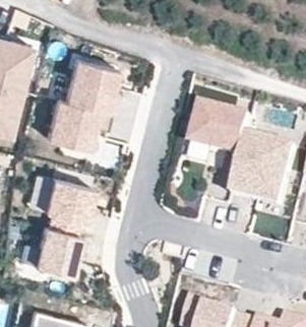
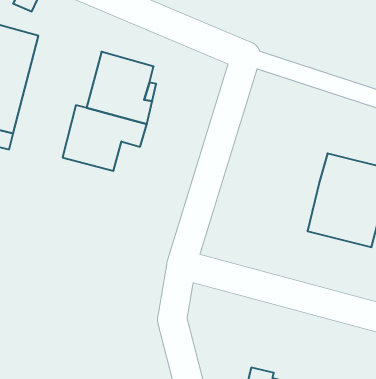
building: [195,107,254,158] -> none
building: [47,180,94,222] -> none
building: [36,228,81,275] -> none

